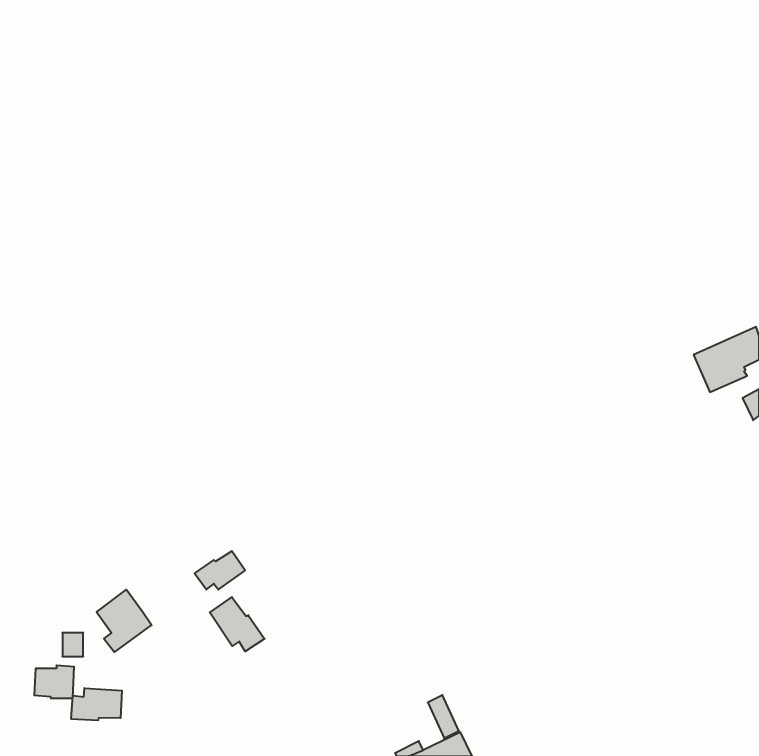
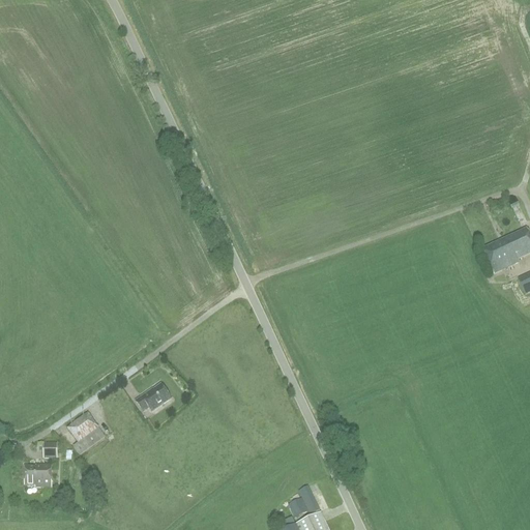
building: [210,597,265,651] -> none
building: [71,688,122,720] -> none

